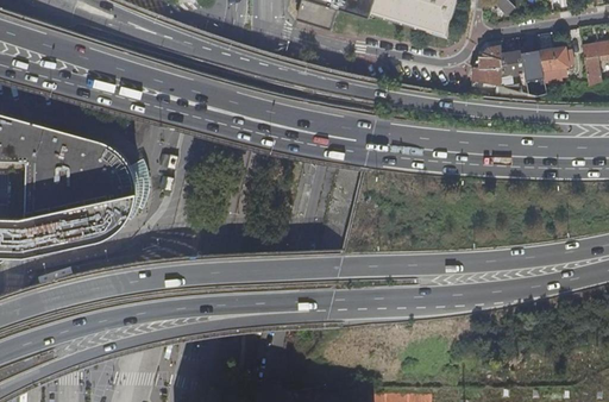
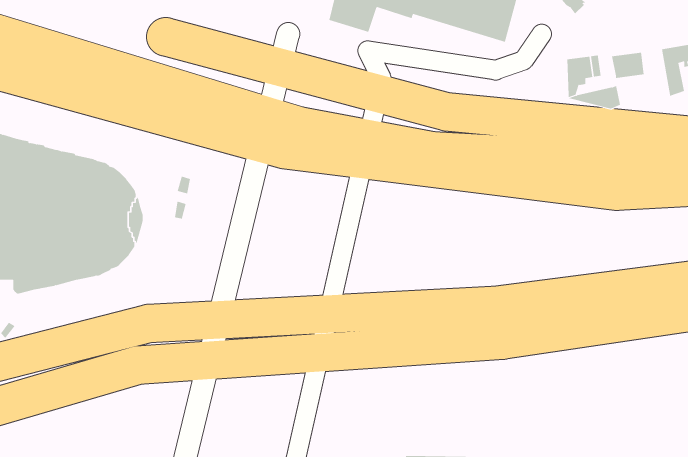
building: [471,48,500,86] -> none

